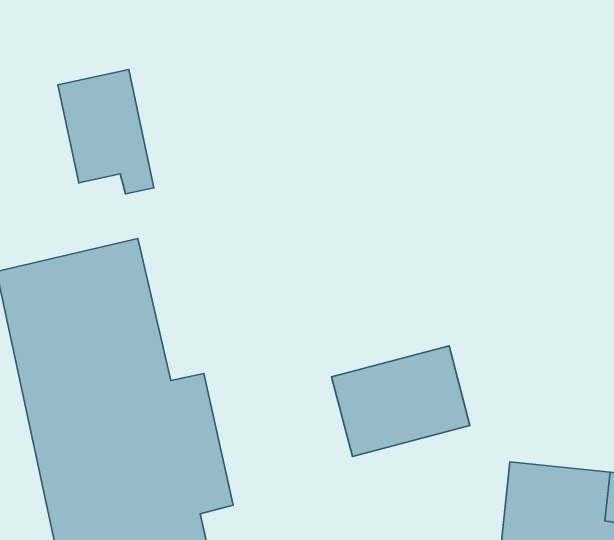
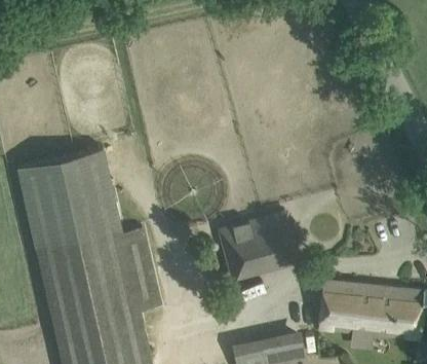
building: [58,69,154,194] -> none

